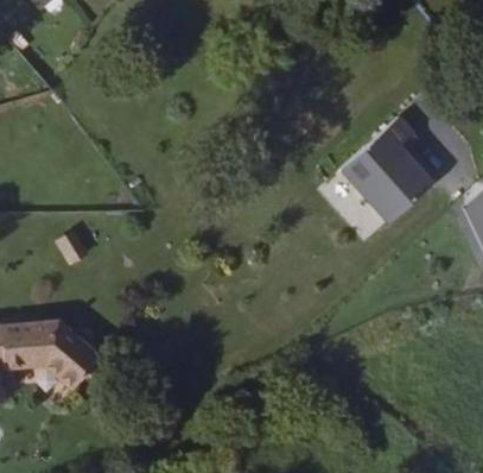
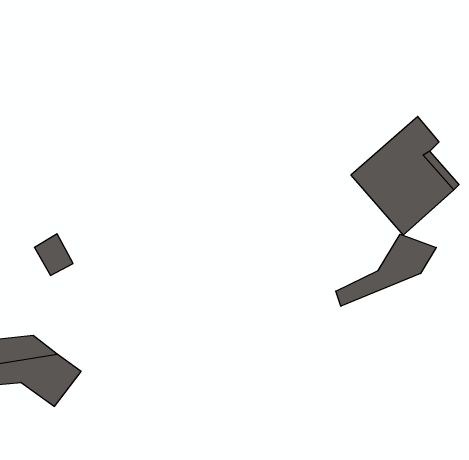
building: none -> [336,234,436,306]

